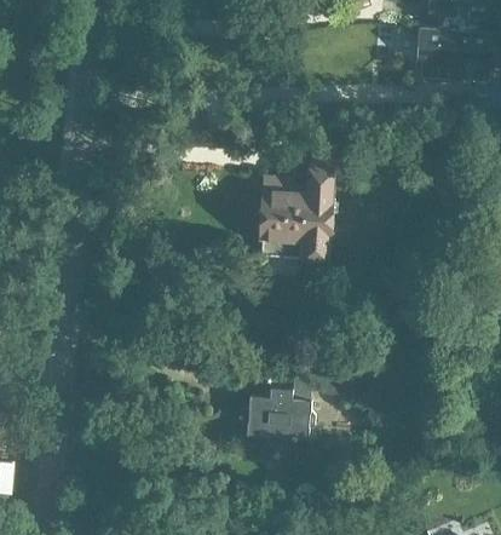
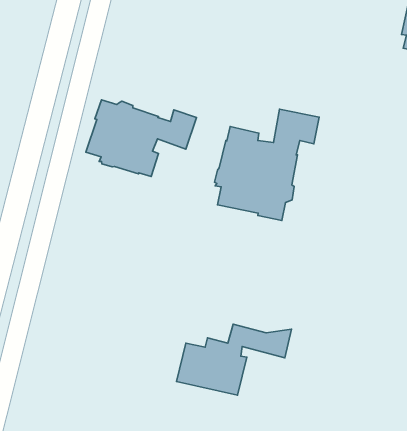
building: none -> [86,100,196,177]

